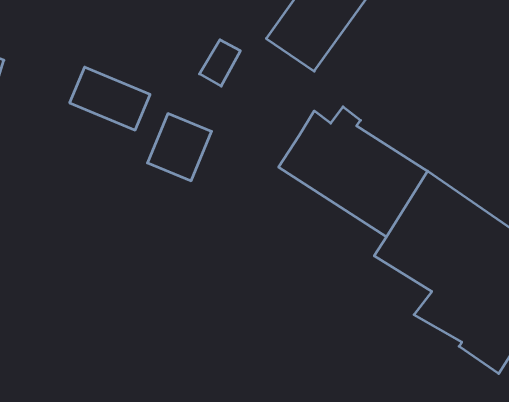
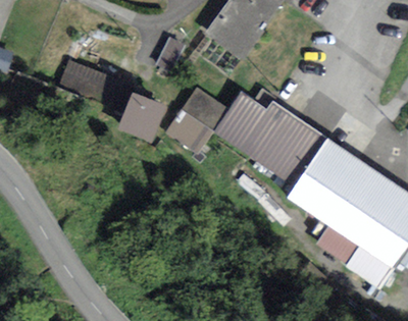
building: none -> [165,86,230,154]

